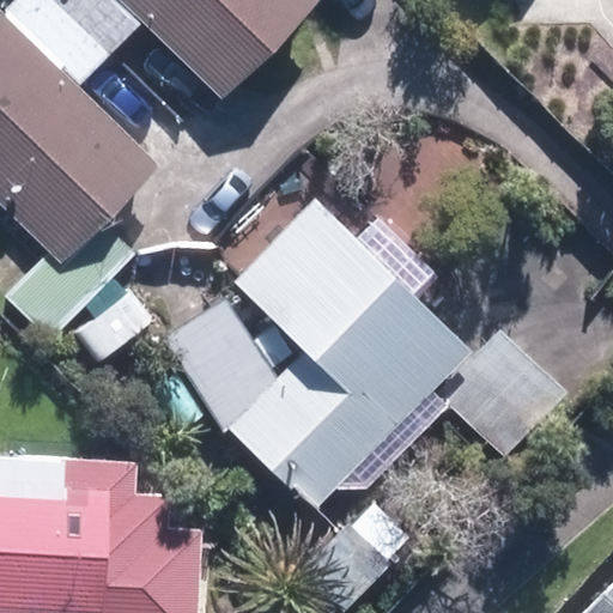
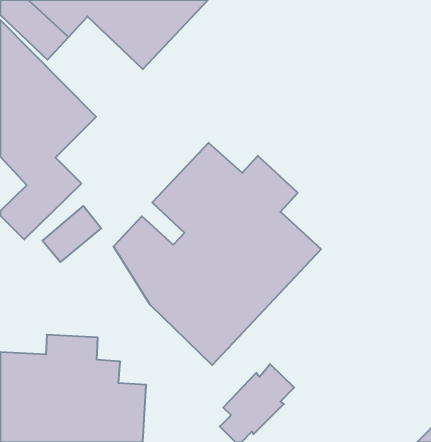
building: [436,327,563,453] -> none

